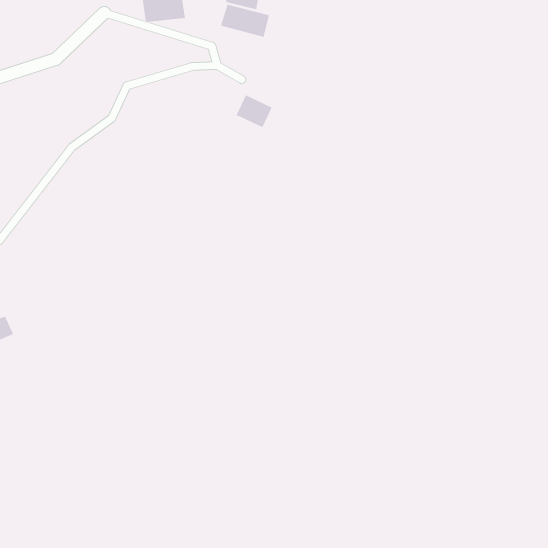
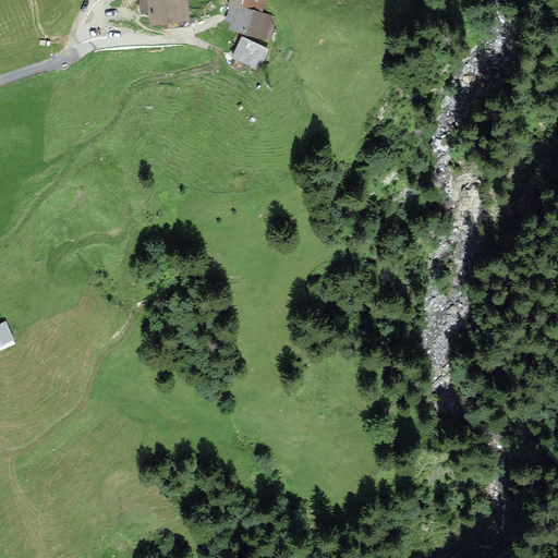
building: [236,95,273,128] -> [231,36,268,70]

